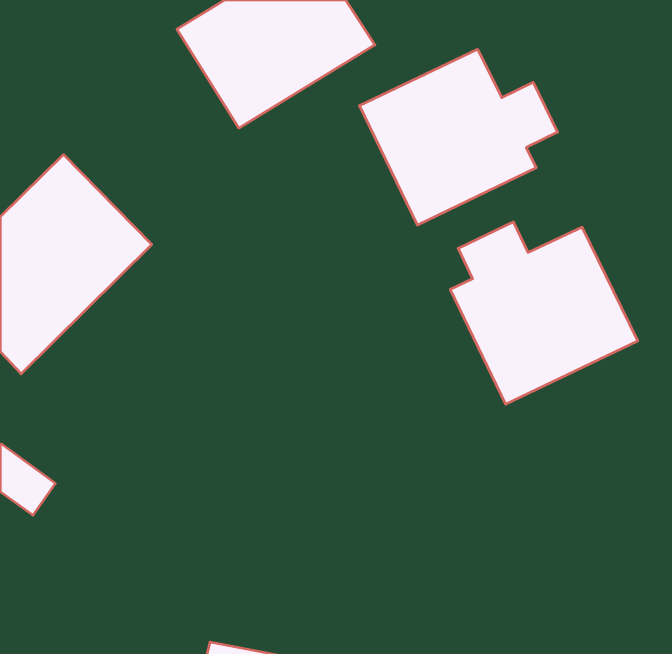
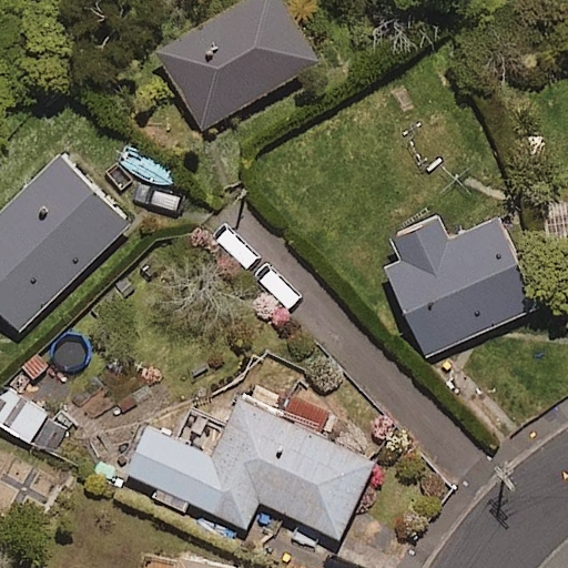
building: [359,49,558,225] -> none
building: none -> [120,392,374,539]

